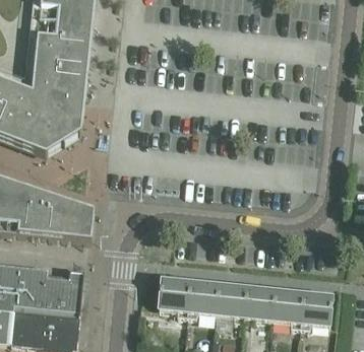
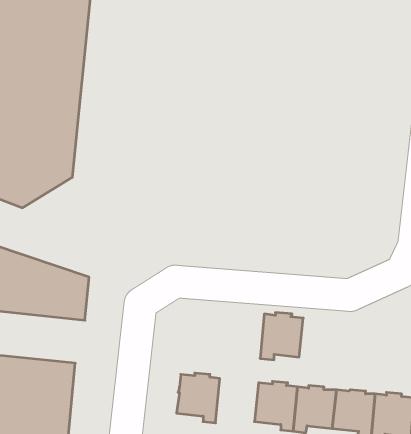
building: [185,280,217,314] -> [260,313,303,360]

